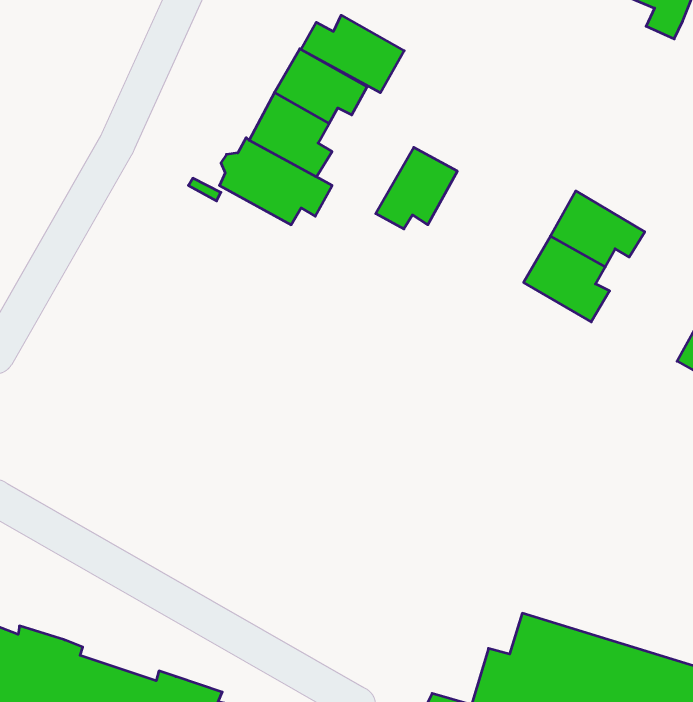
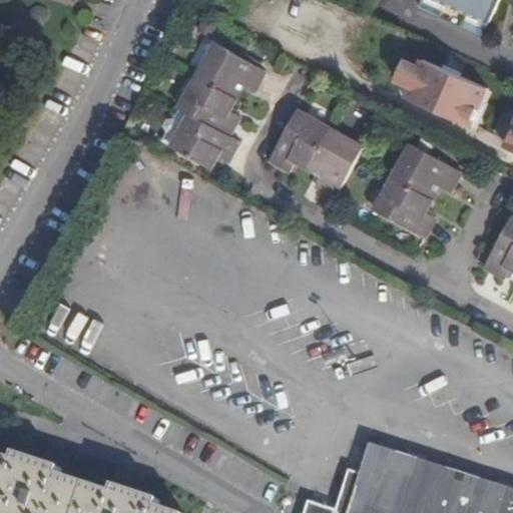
building: [301,15,404,93] -> none
building: none -> [399,61,486,117]
building: none -> [307,130,362,197]

